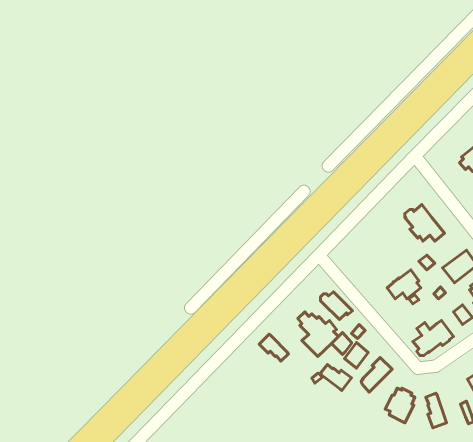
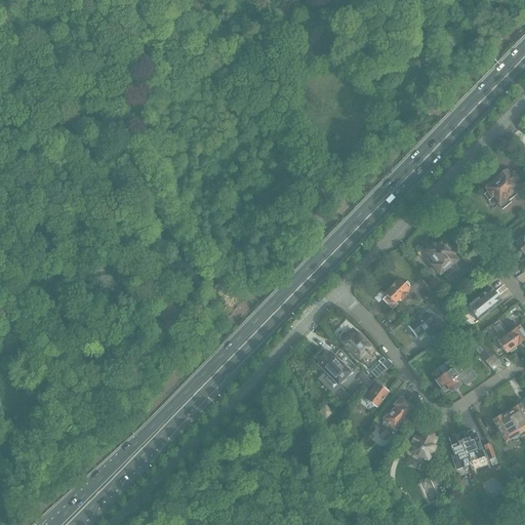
building: none -> [381,277,411,309]
building: [259,334,288,361] -> none
building: [320,365,351,390] -> none
building: none -> [459,430,484,460]

